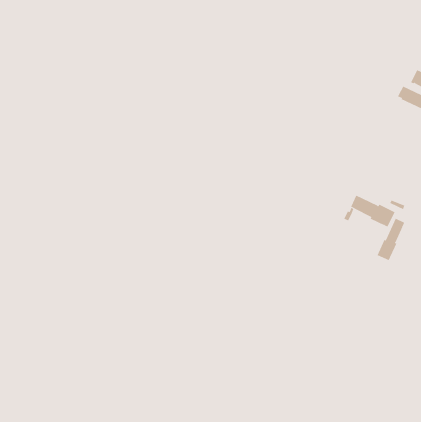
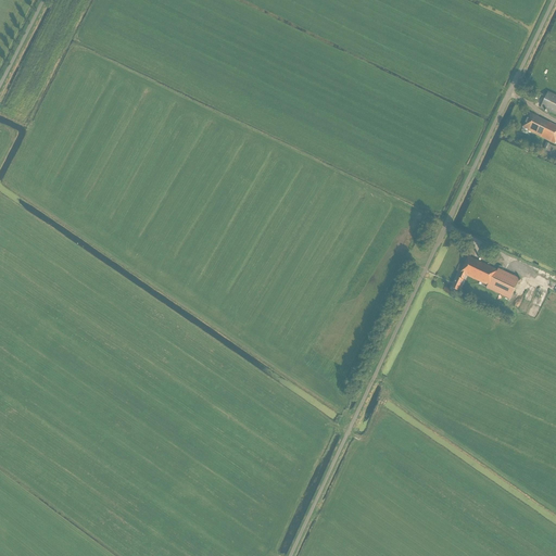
building: [377,218,405,261] -> none

